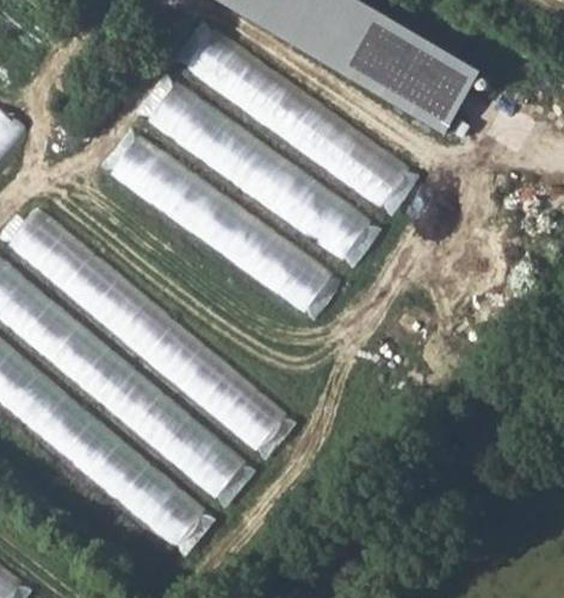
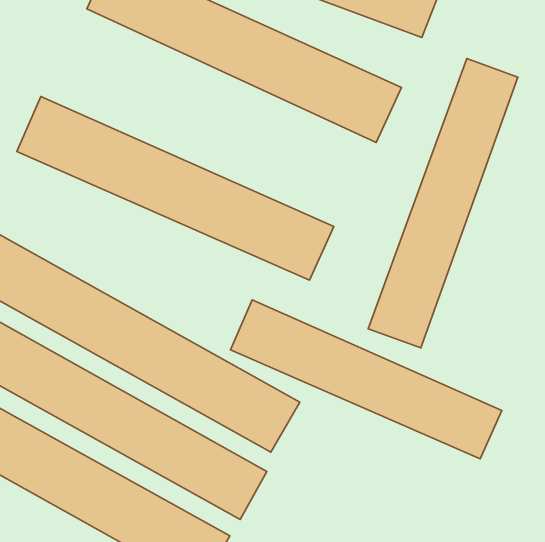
building: [128,83,384,258] -> none
building: none -> [368,59,518,348]
building: none -> [230,300,502,459]

